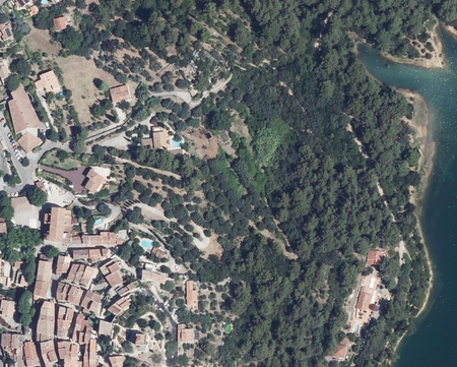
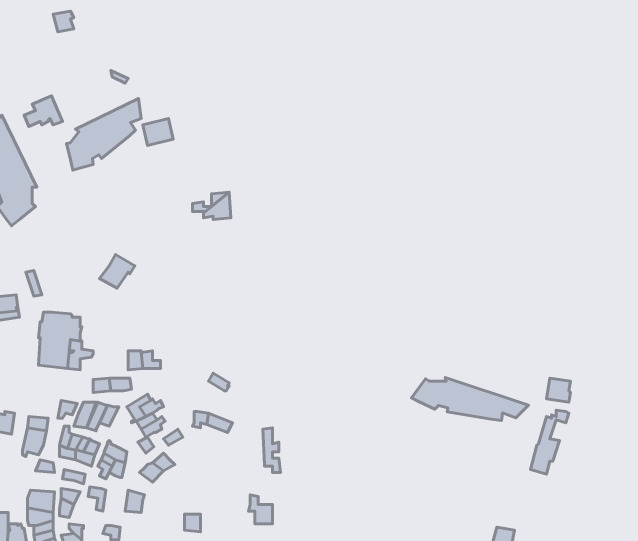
building: none -> [66,98,141,170]
building: none -> [411,377,529,421]

